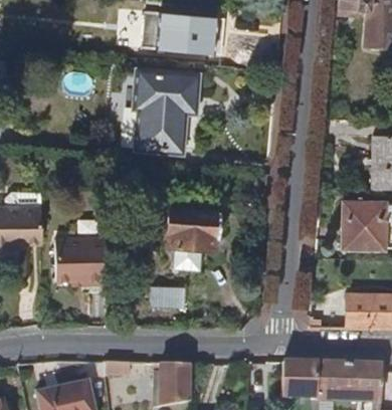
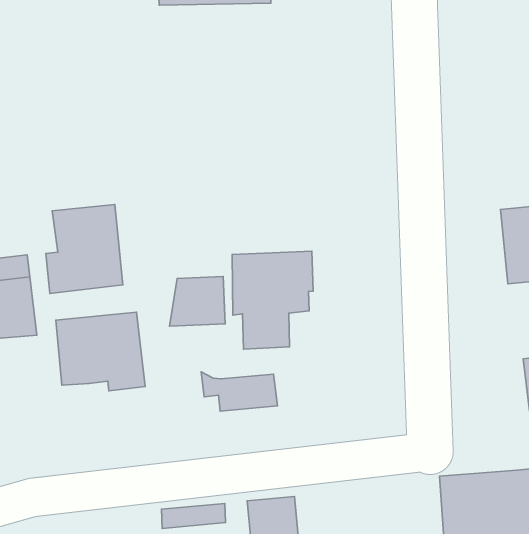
building: [132,58,193,145] -> none
building: none -> [46,205,123,293]
building: none -> [169,276,225,326]

